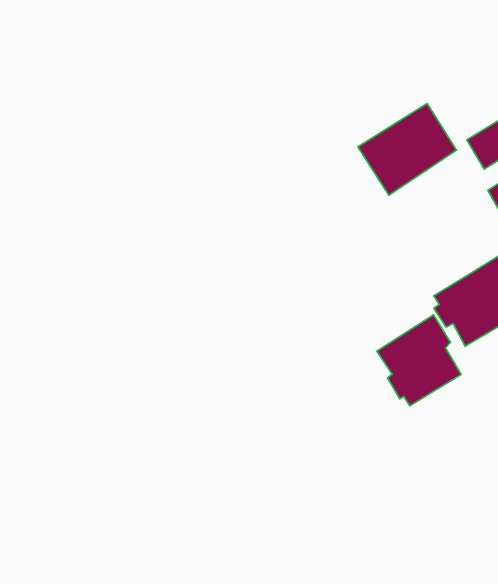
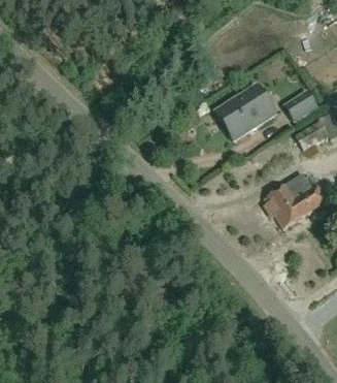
building: [377,315,461,406] -> none

